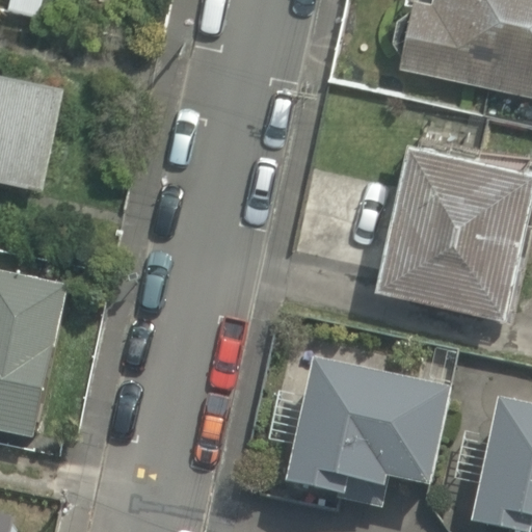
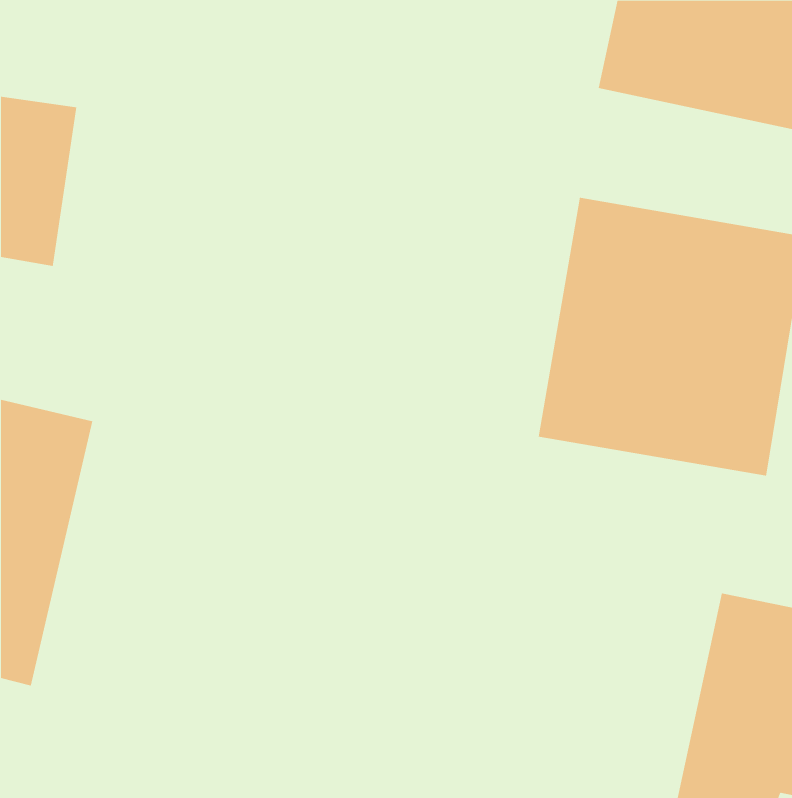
building: [280,366,440,506] -> none

